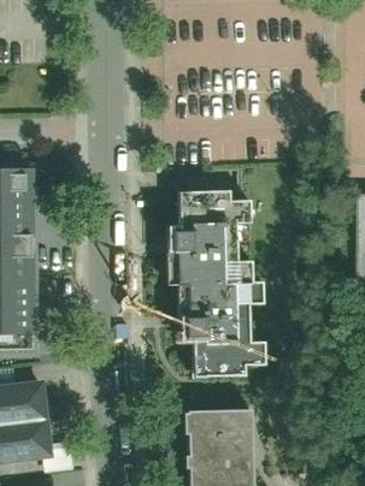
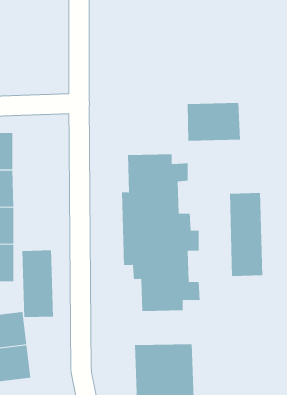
building: none -> [187,102,241,142]
building: none -> [229,192,263,277]
building: none -> [22,250,53,318]

